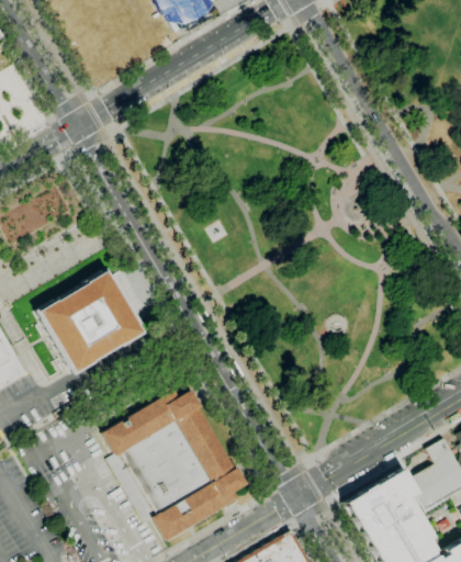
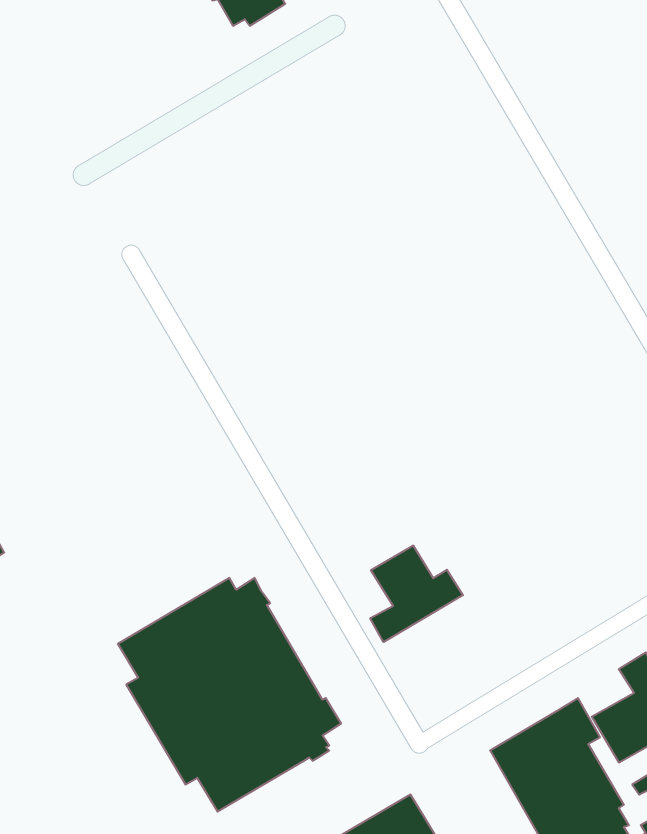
building: [34,268,145,375] -> none
building: none -> [370,545,463,642]

